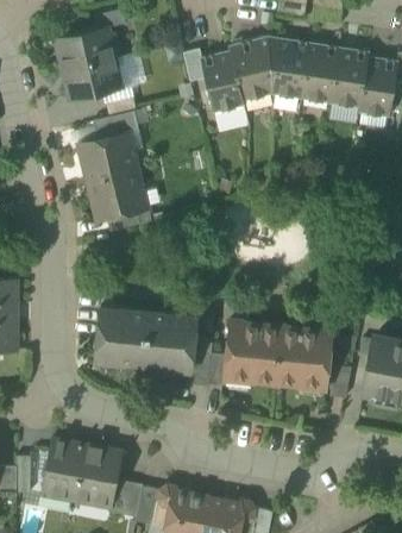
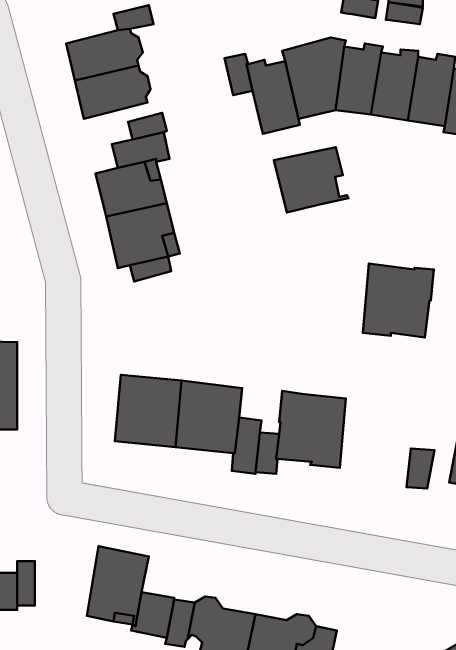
building: none -> [274,147,349,213]
building: [275,326,332,385] -> [363,263,434,337]
building: [40,439,81,501] -> none

